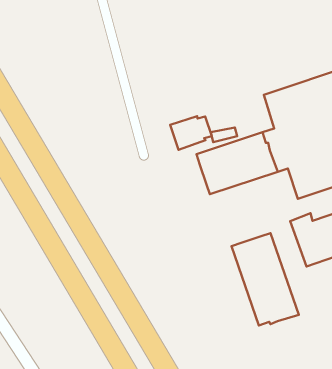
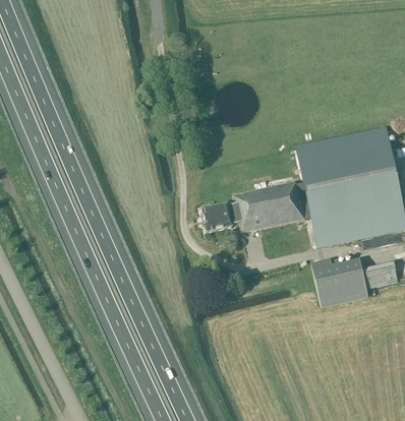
building: [170,116,212,150] -> [202,203,239,232]
building: [232,233,299,326] -> none

